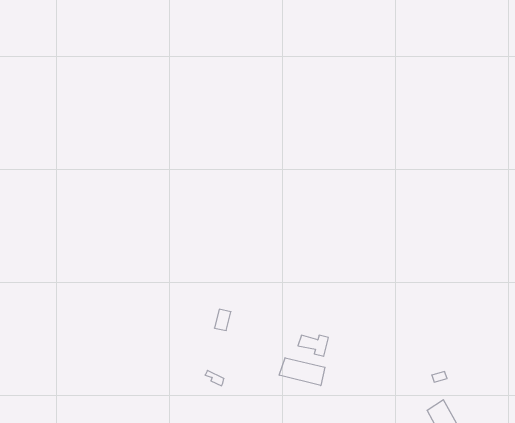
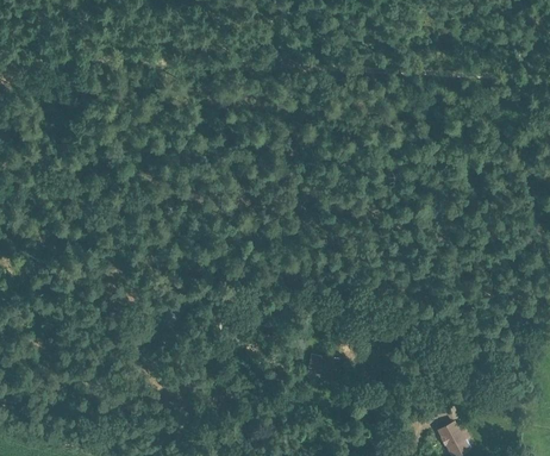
building: [279,358,325,386] -> none

